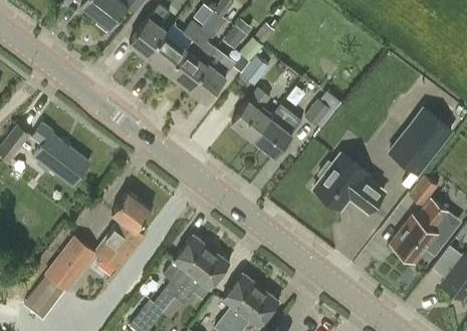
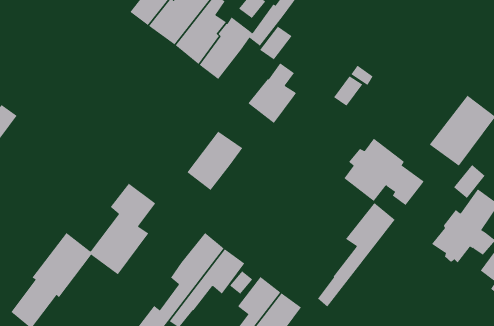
building: [253,105,302,157] -> [186,131,243,191]
building: [31,125,88,187] -> none
building: none -> [317,202,396,308]

